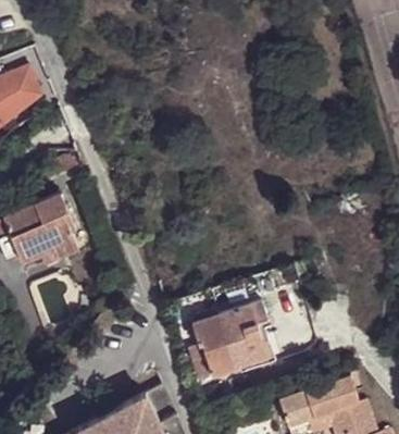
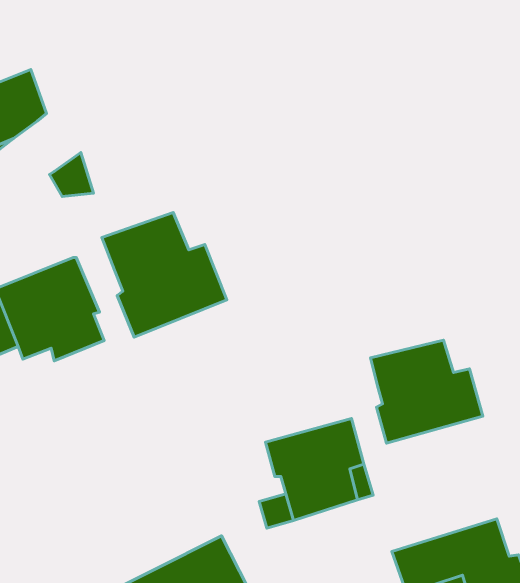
building: none -> [102,212,227,337]
building: none -> [370,340,483,443]

